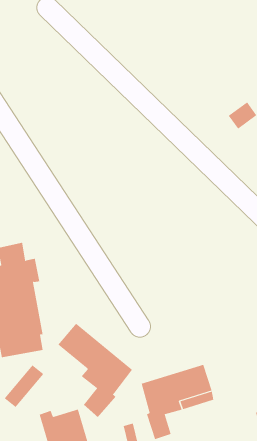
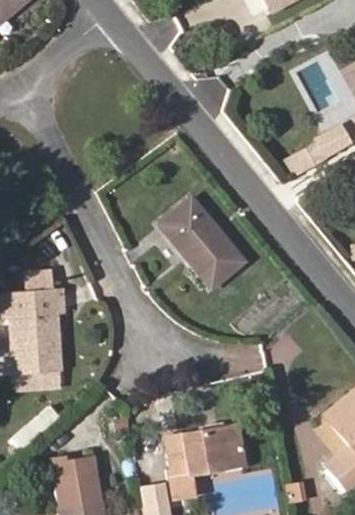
building: none -> [159,197,244,288]
building: [58,323,133,418] -> none

